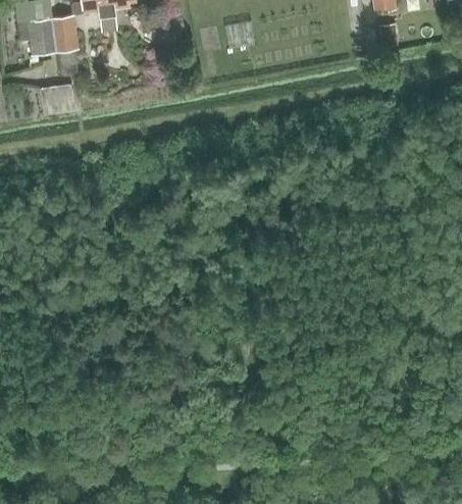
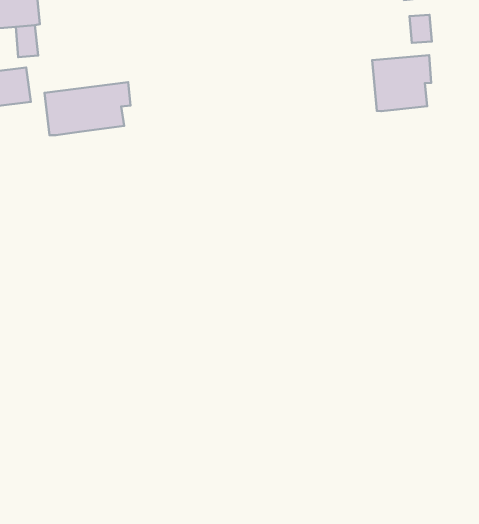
building: none -> [372,55,431,111]
building: none -> [44,82,131,135]

